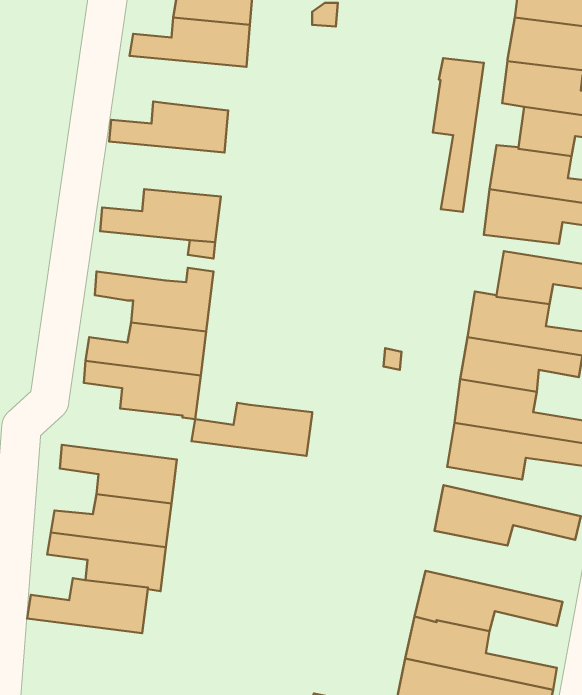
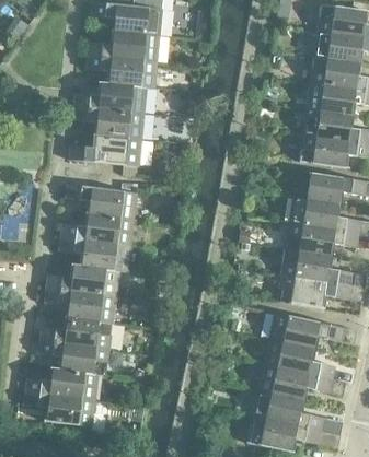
building: none -> [85,54,157,87]
building: [433,58,484,212] -> none
building: none -> [72,105,143,138]
building: [192,403,312,456] -> [46,263,118,295]
building: none -> [264,338,334,377]
building: none -> [23,390,94,425]

